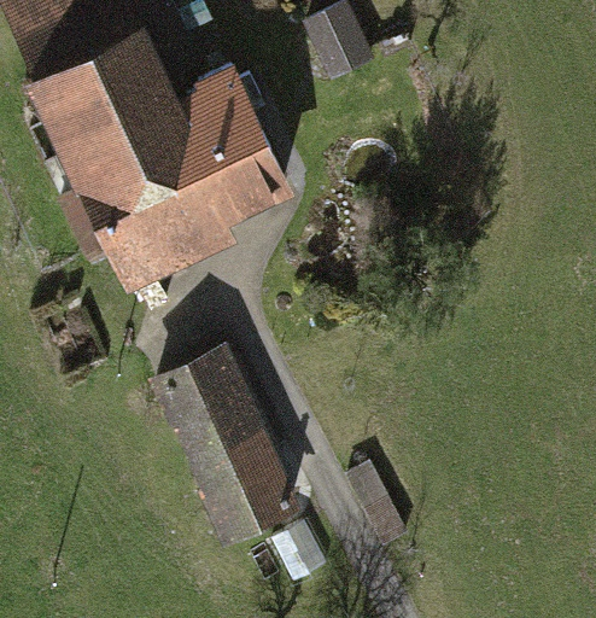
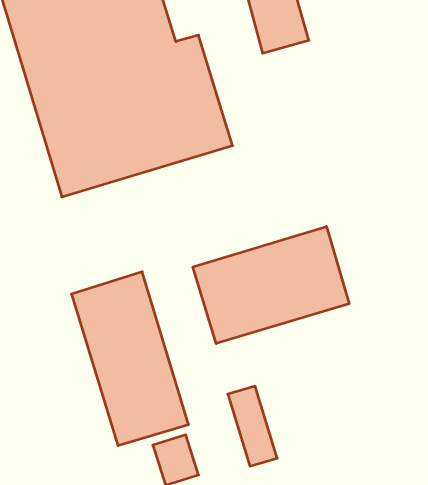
building: none -> [193,226,349,344]

